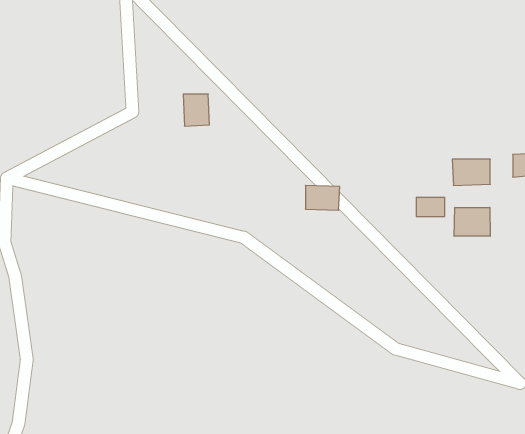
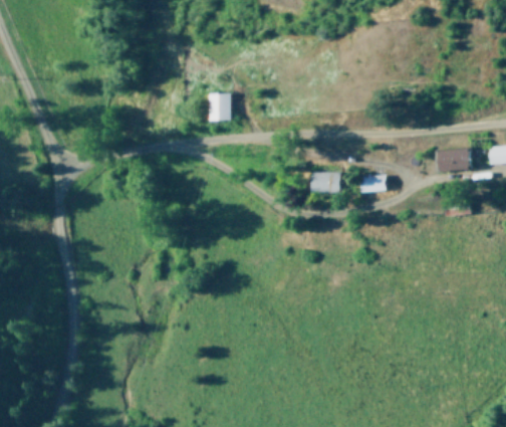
building: [416,197,445,216] -> [361,176,386,192]
building: [454,207,490,236] -> none

